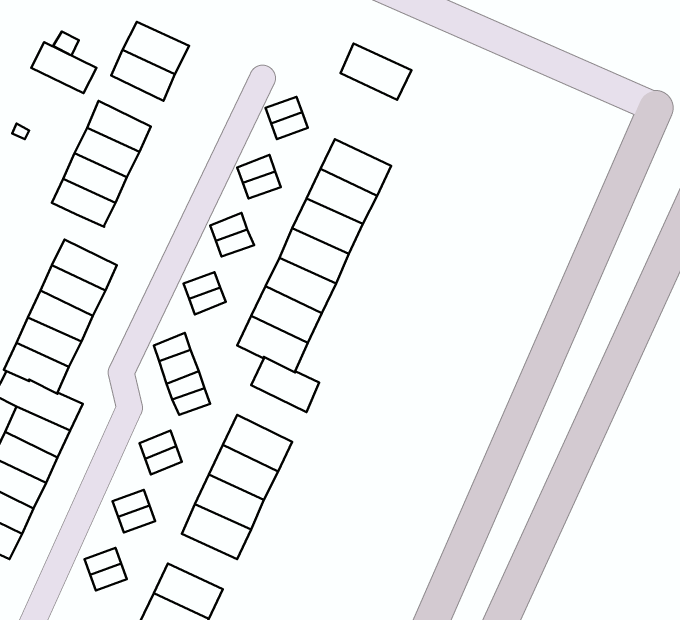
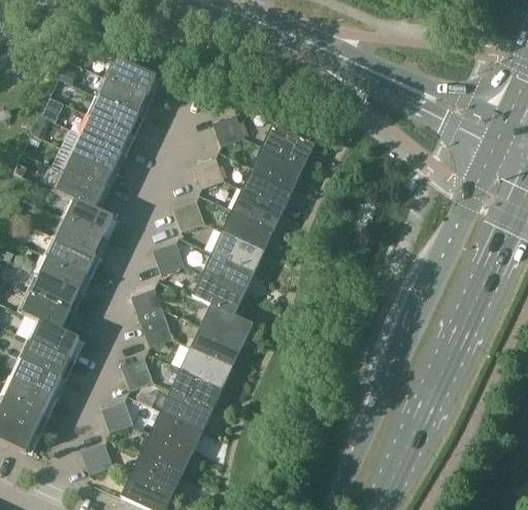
building: [31,42,96,93] -> [91,98,138,135]
building: [341,43,411,100] -> [263,123,315,164]
building: none -> [66,199,113,236]
building: none -> [192,324,242,365]
building: none -> [141,432,192,472]

